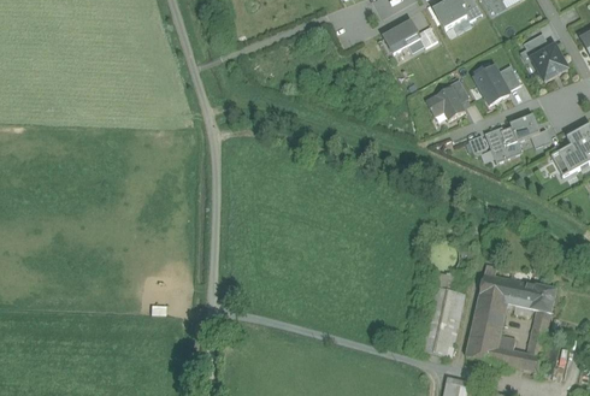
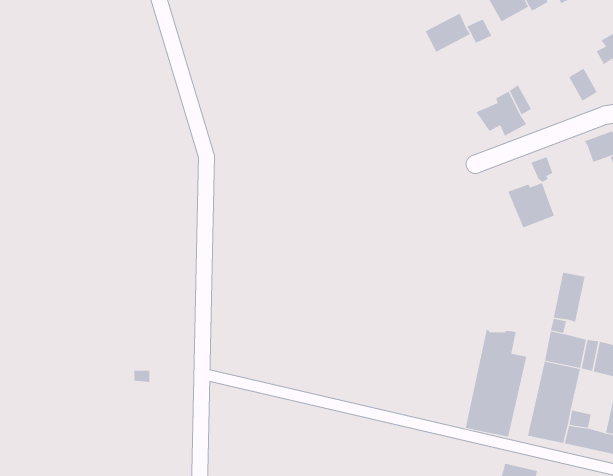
building: [474,65,508,102] -> none
building: [484,125,521,161] -> [507,182,555,228]
building: none -> [553,272,585,322]

